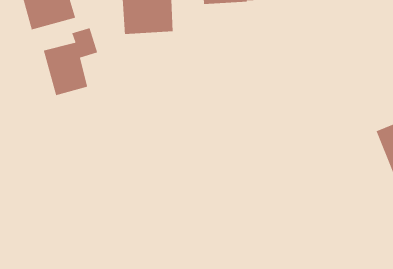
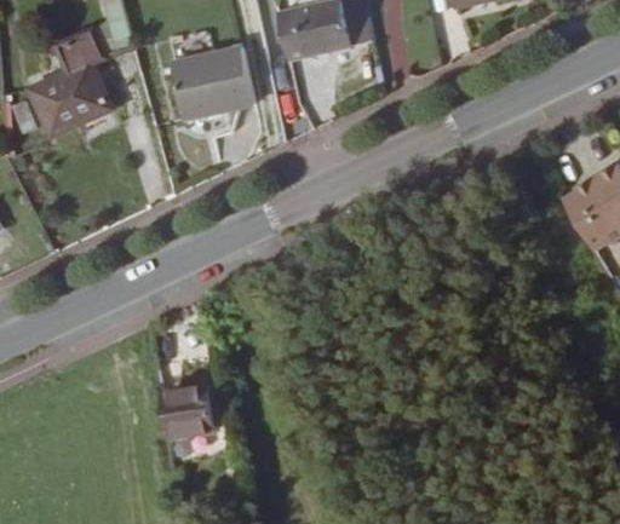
building: [43,27,98,96] -> none
building: none -> [160,384,216,439]

